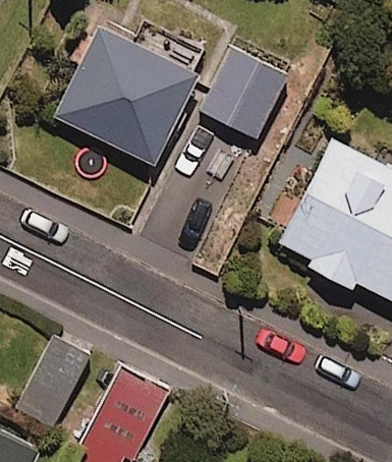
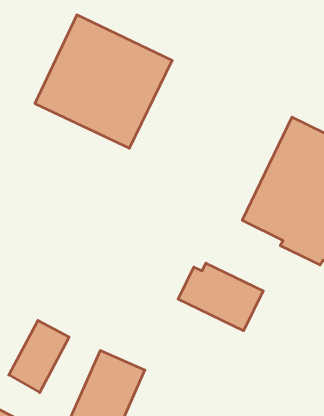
building: [202,48,286,138] -> none
building: none -> [178,263,263,331]

